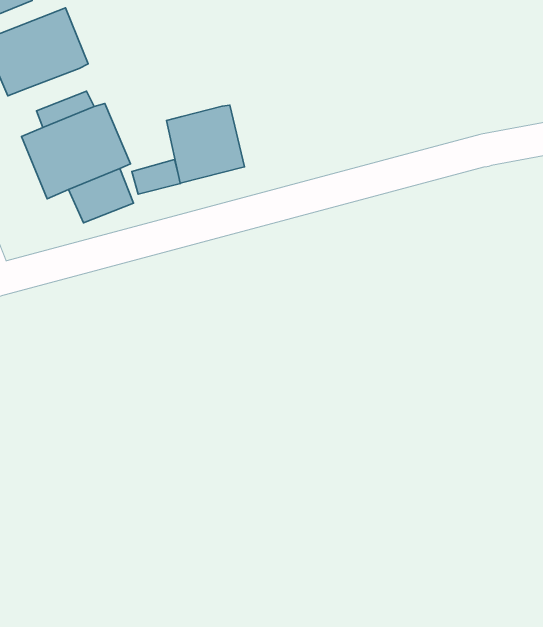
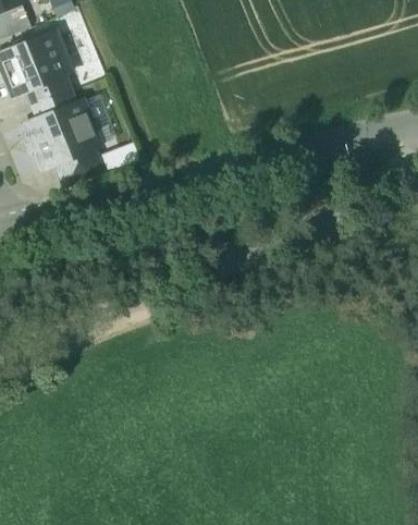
building: none -> [26,73,69,103]
building: [166,105,244,183] -> none

